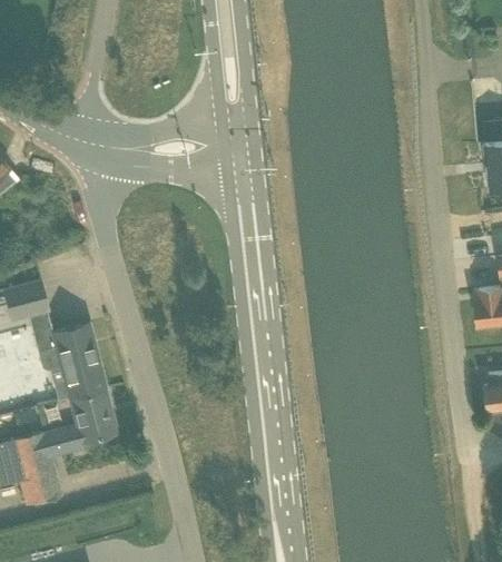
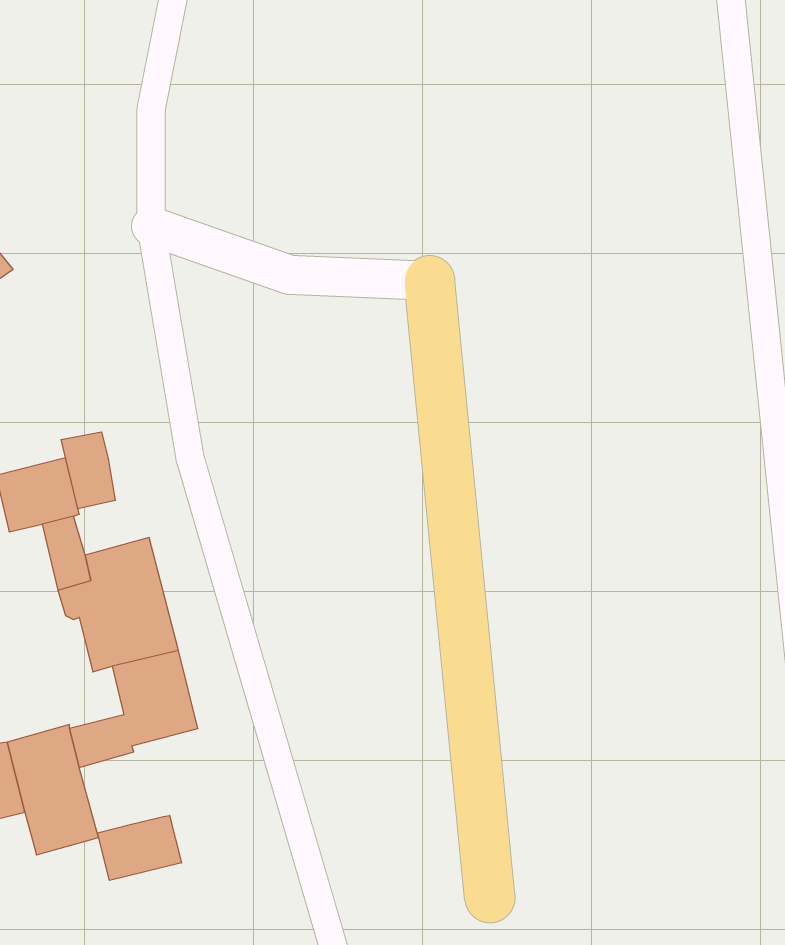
building: none -> [61,432,115,509]
building: none -> [98,815,182,880]

